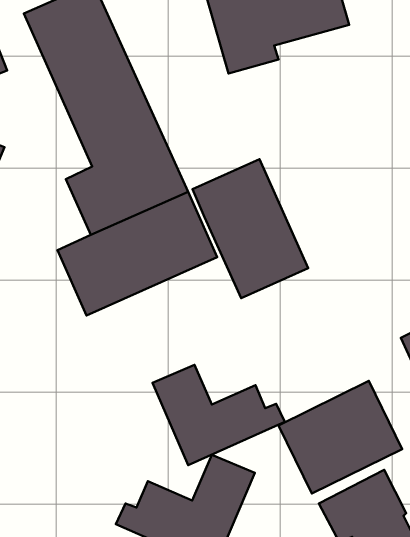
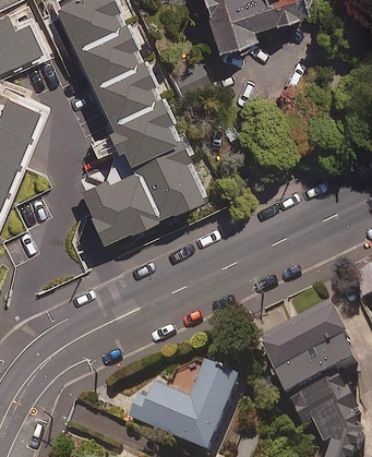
building: [192,159,308,298] -> none
building: [152,365,285,465] -> none

